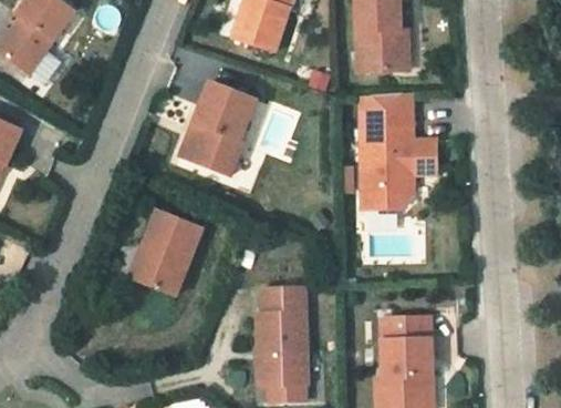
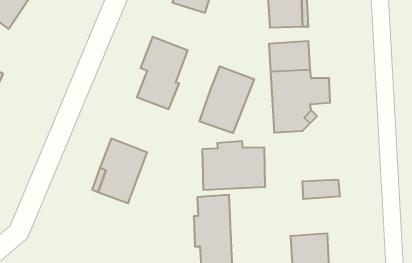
building: none -> [199,66,254,133]
building: none -> [203,141,265,190]
building: [383,315,432,339] -> [302,180,340,199]

